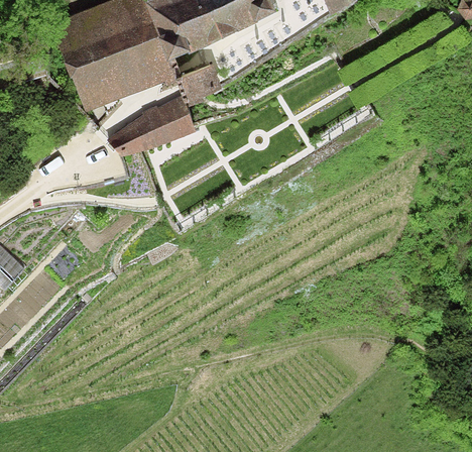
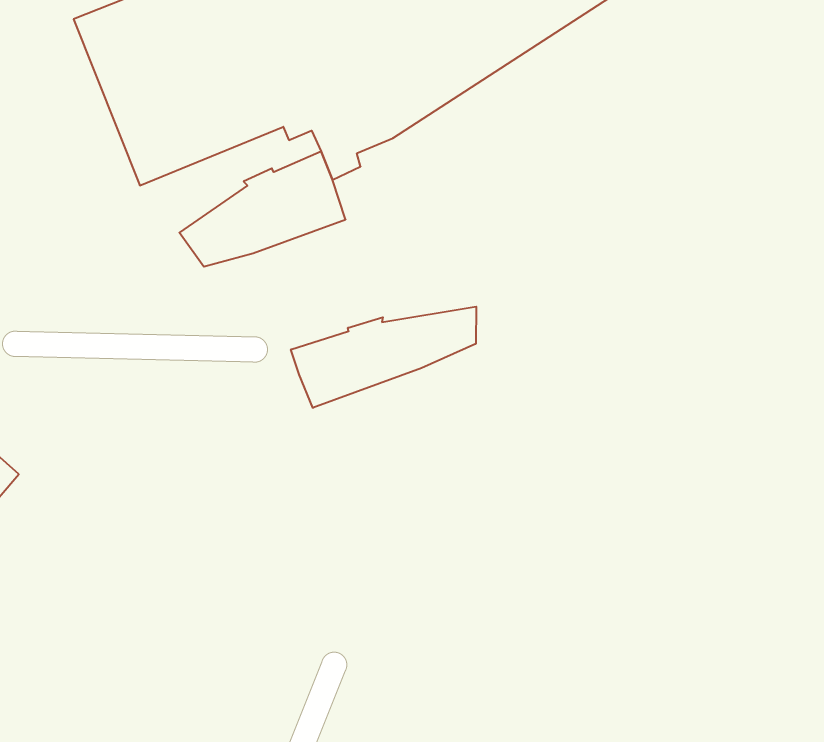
building: none -> [291,307,476,408]

